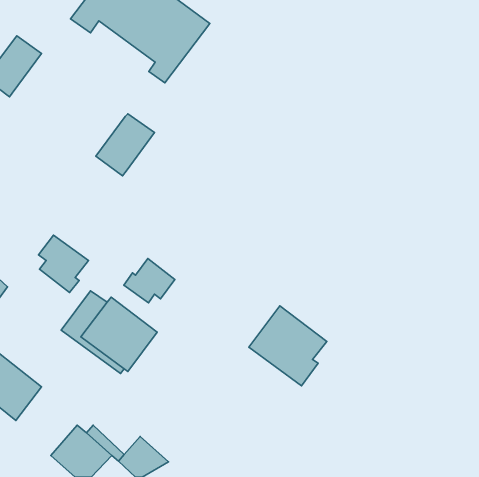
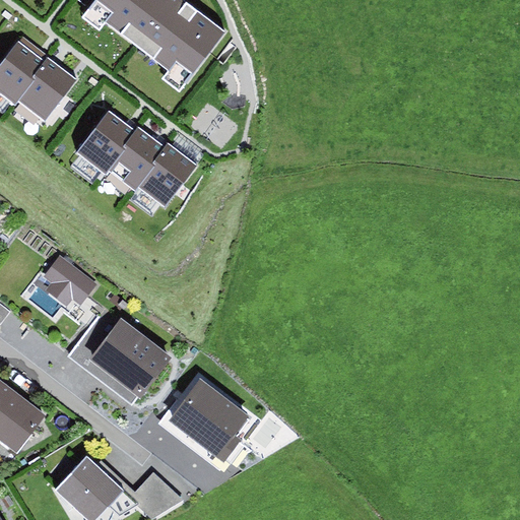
building: none -> [13,55,75,122]
building: none -> [74,107,135,173]
building: none -> [136,140,199,206]
building: [124,258,175,303] -> none
building: [249,306,327,386] -> [165,380,249,466]

